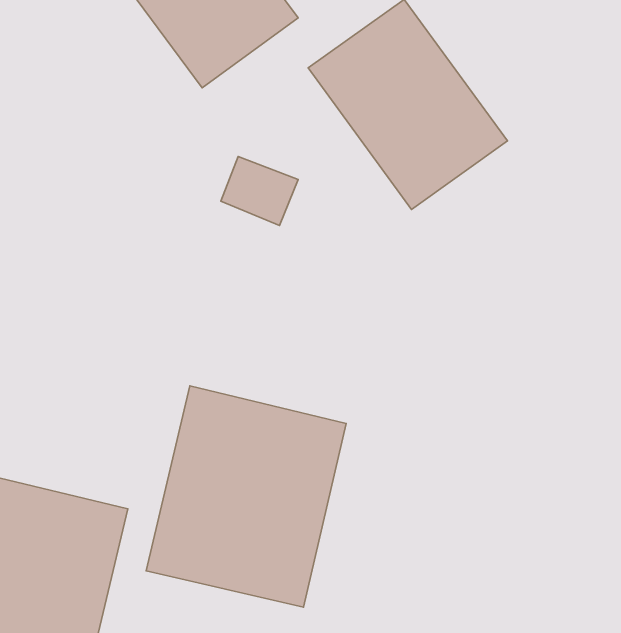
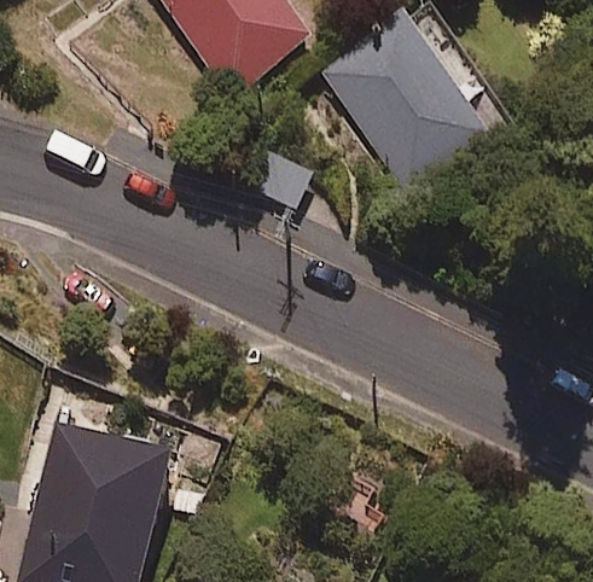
building: [146,386,346,607] -> none

